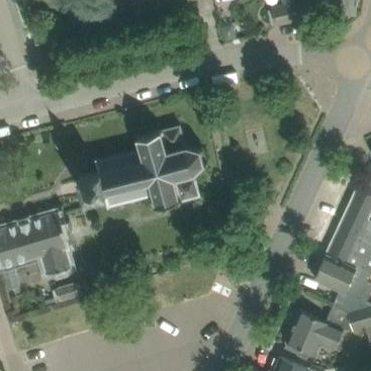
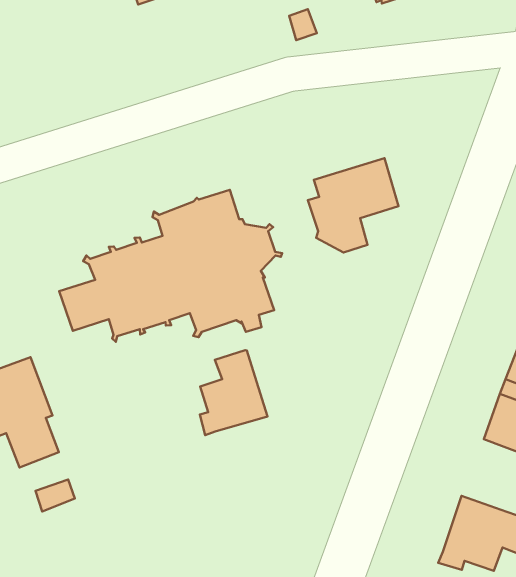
building: none -> [308,158,399,252]
building: none -> [200,350,267,435]

